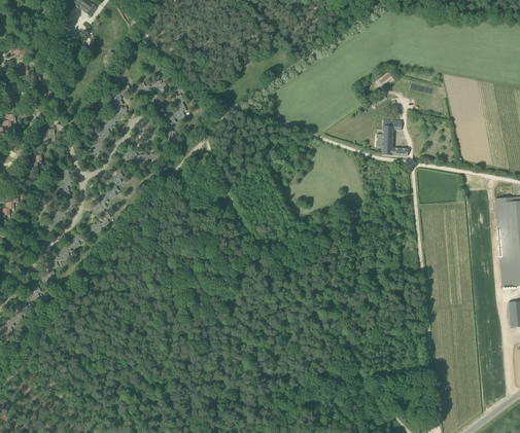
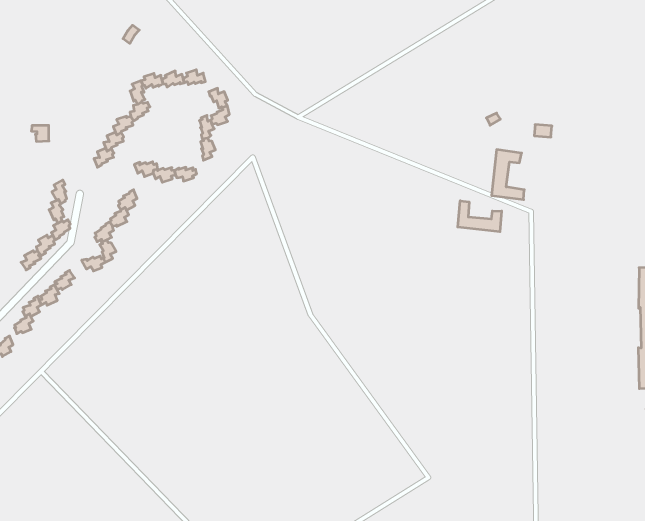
building: none -> [458,201,502,232]

